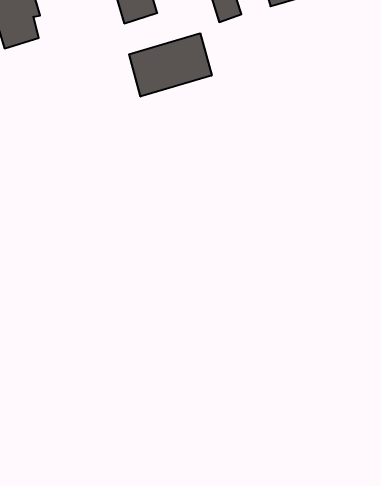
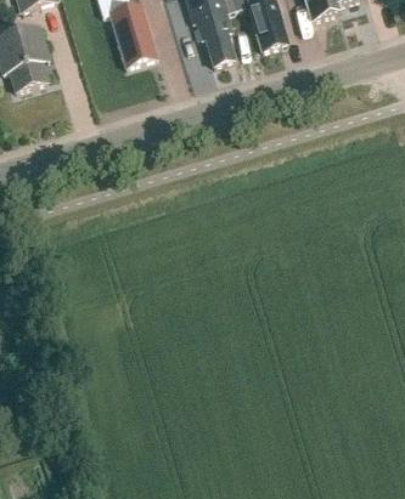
building: [129,33,212,97] -> none

